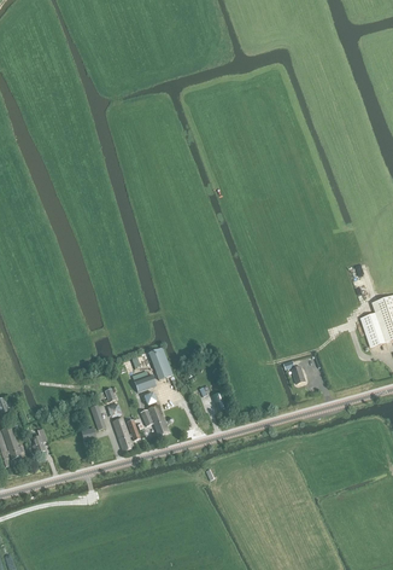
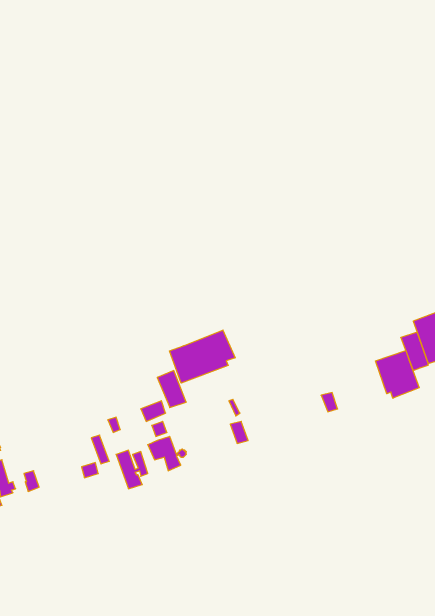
building: none -> [170,330,235,383]
building: none -> [375,351,419,398]

